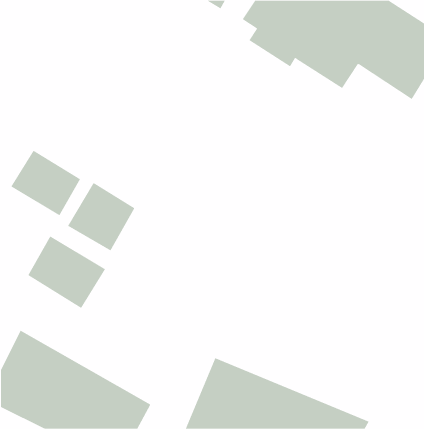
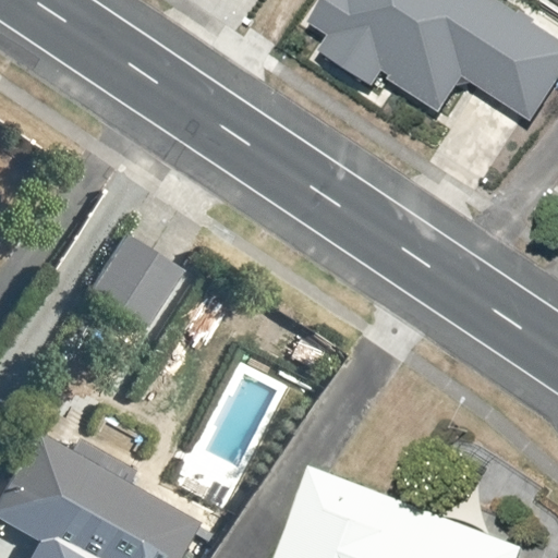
building: [10,150,81,216] -> none
building: [27,236,106,309] -> none

